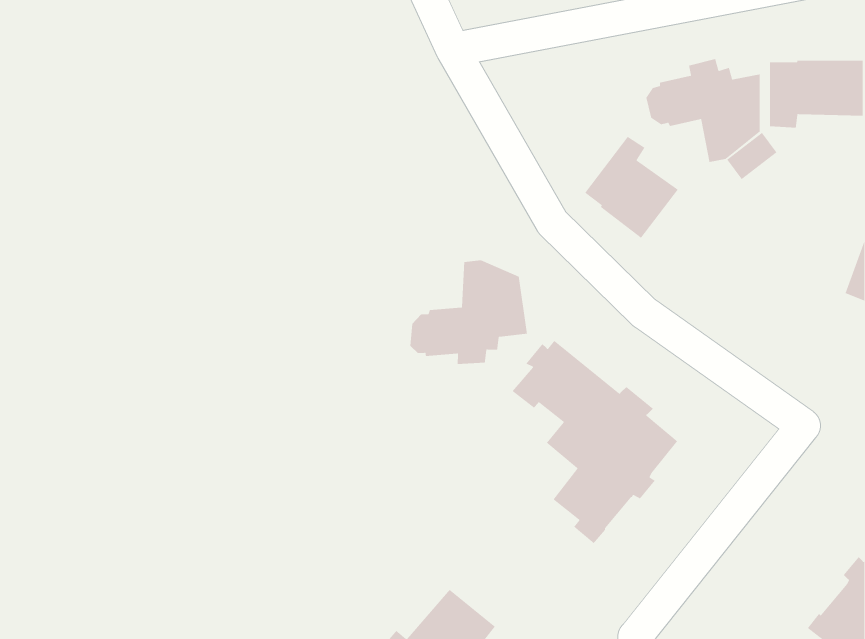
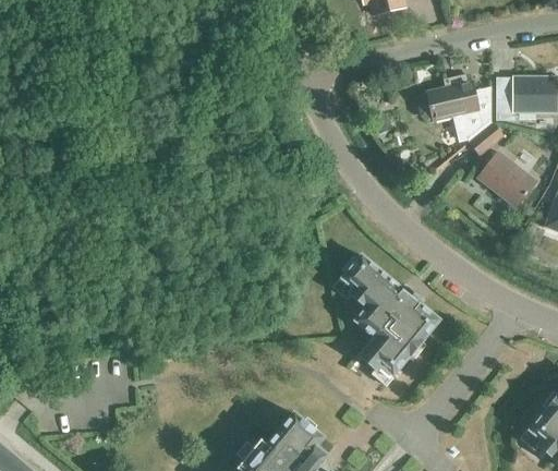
building: [584,136,679,239] -> none
building: none -> [476,150,534,207]
building: [409,260,528,365] -> none

